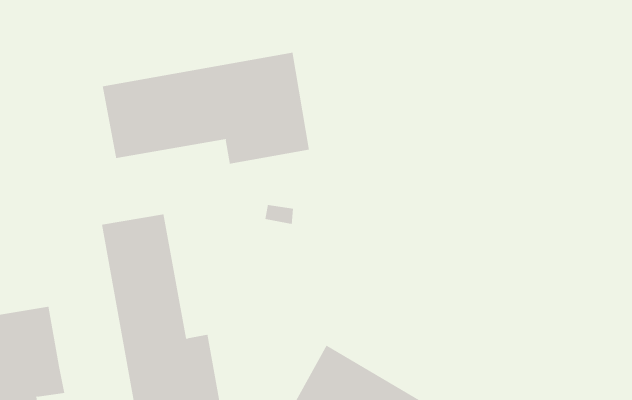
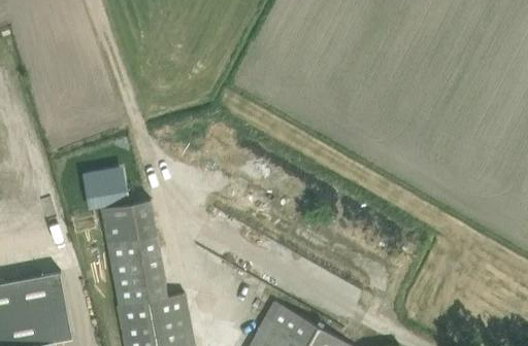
building: [102,52,309,165] -> none
building: none -> [84,165,130,210]

